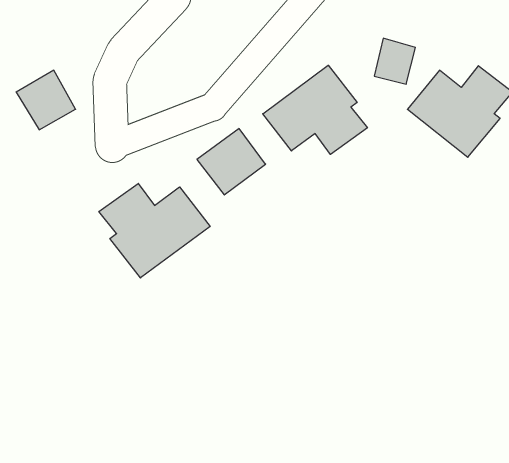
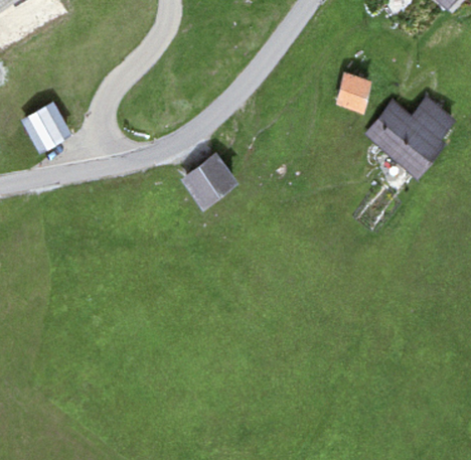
building: [263,65,367,154] -> none
building: [99,183,210,278] -> none

